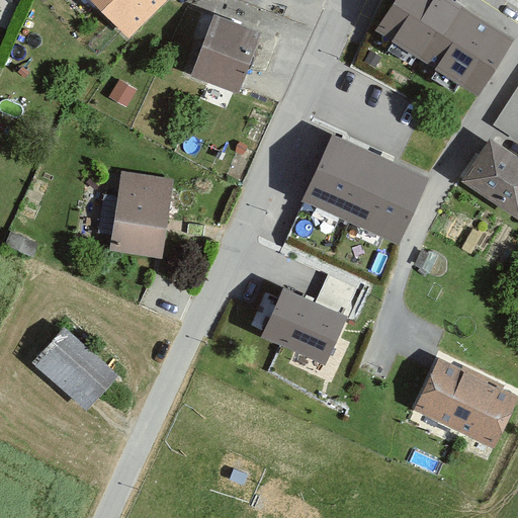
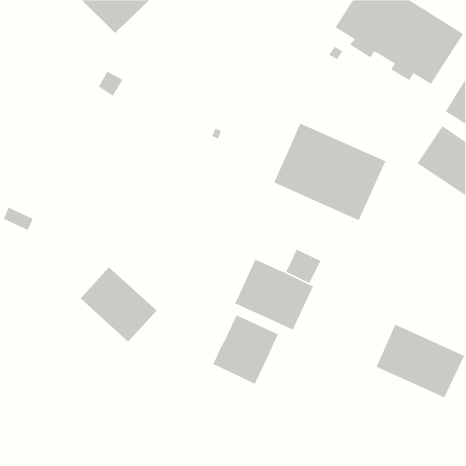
building: [190,14,260,93] -> none
building: [109,172,172,257] -> none
building: [32,327,118,411] -> [80,267,157,342]
building: none -> [212,314,279,385]

